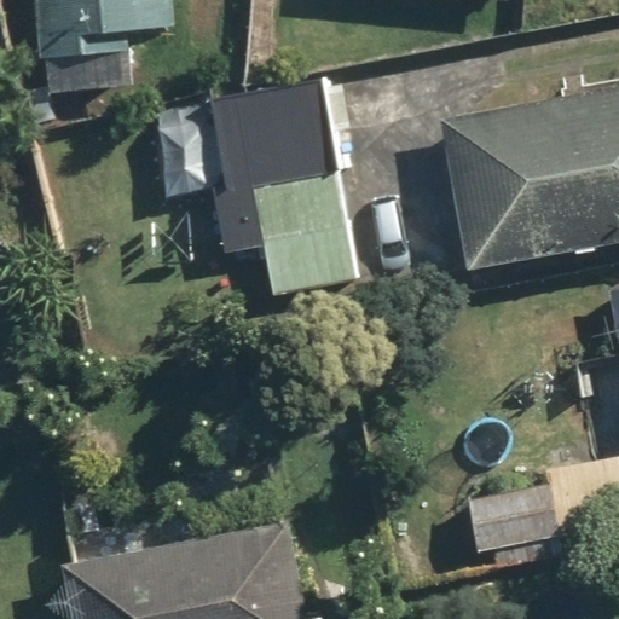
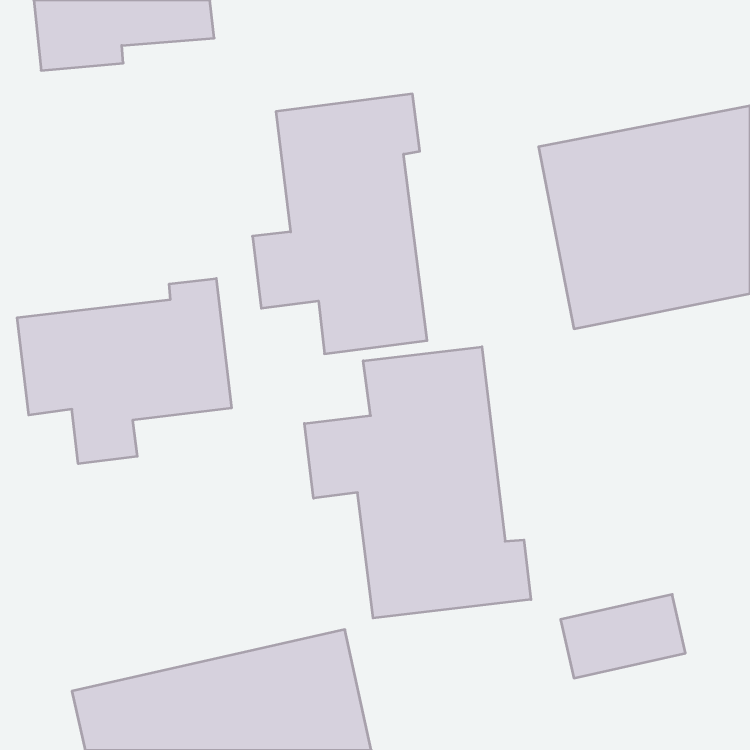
building: none -> [17,278,231,464]
building: none -> [304,347,531,618]

